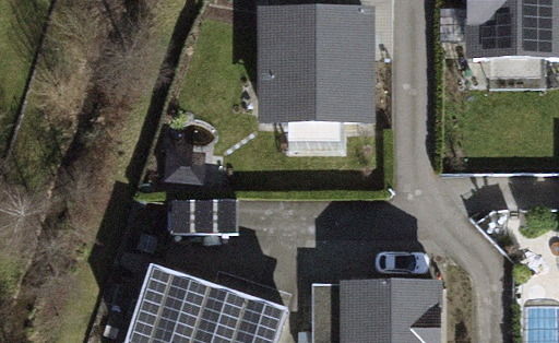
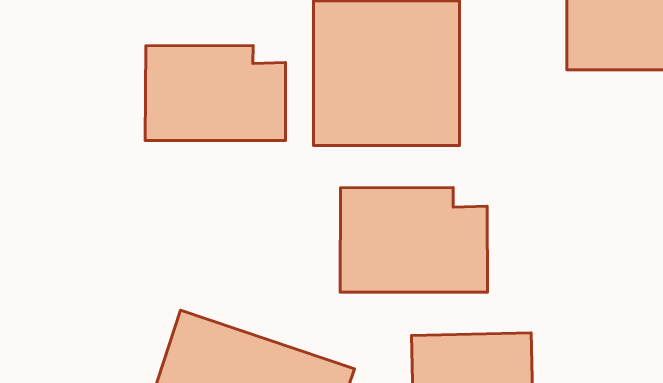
building: none -> [145,45,286,141]
building: none -> [340,188,487,292]

